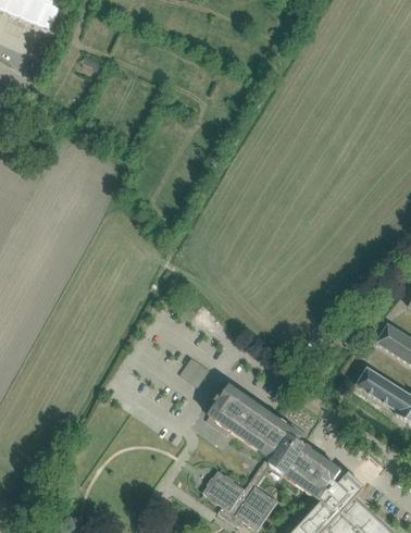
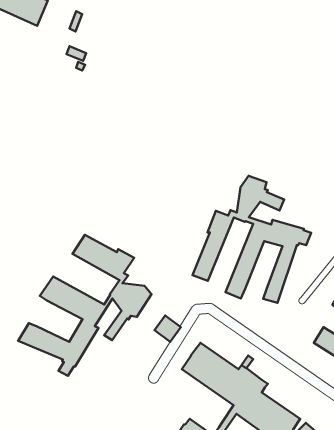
building: none -> [193,176,311,303]
building: none -> [18,235,152,376]

